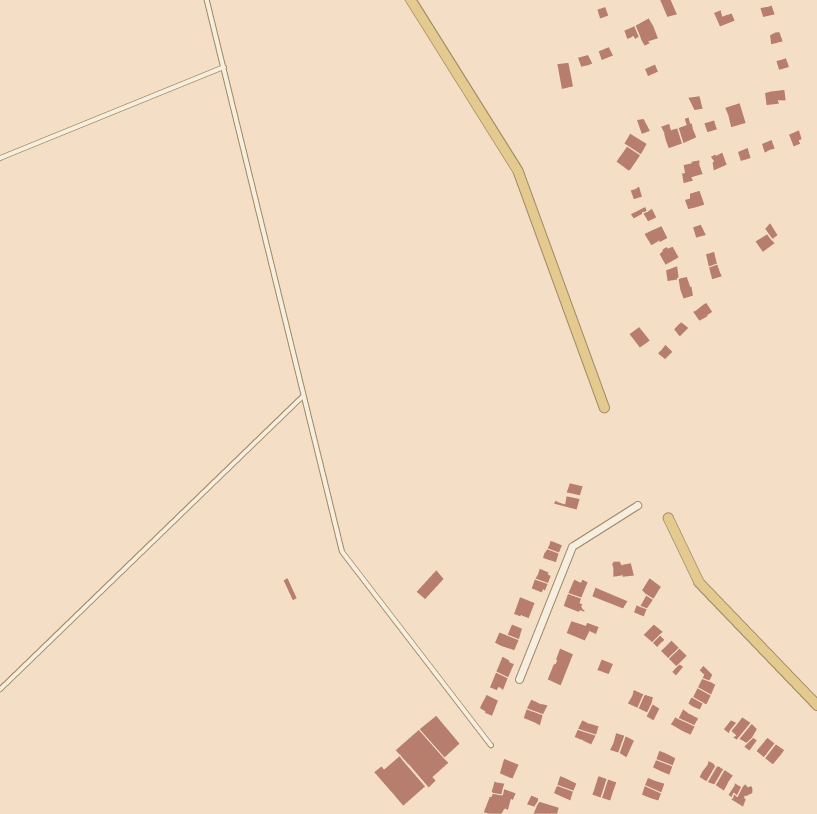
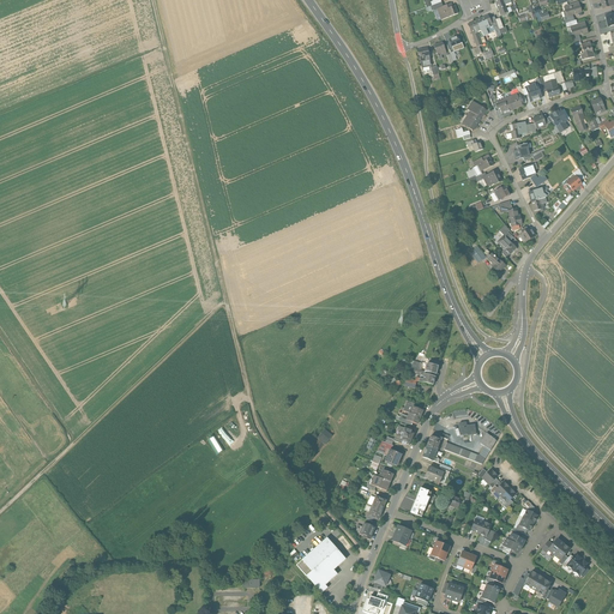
building: [373,755,426,806] -> none

